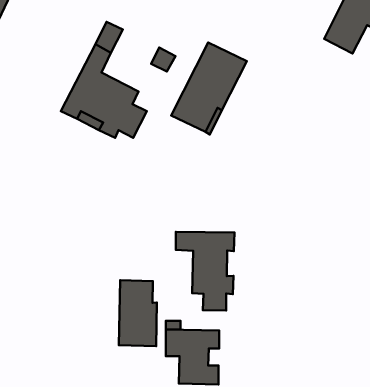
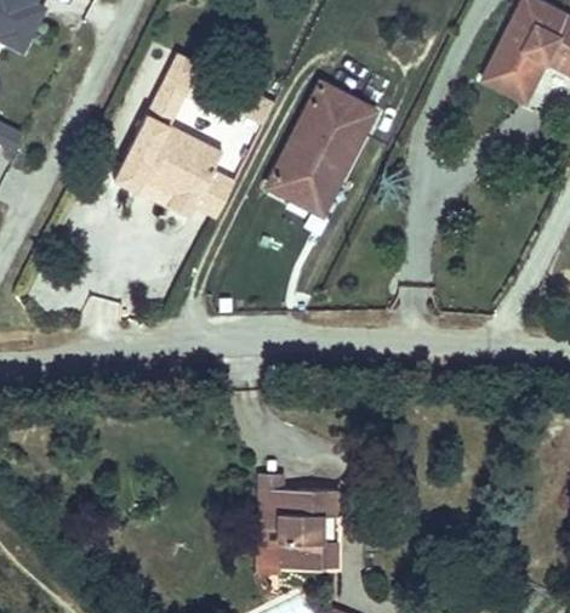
building: [176,232,235,311] -> none
building: [119,280,157,346] -> none

